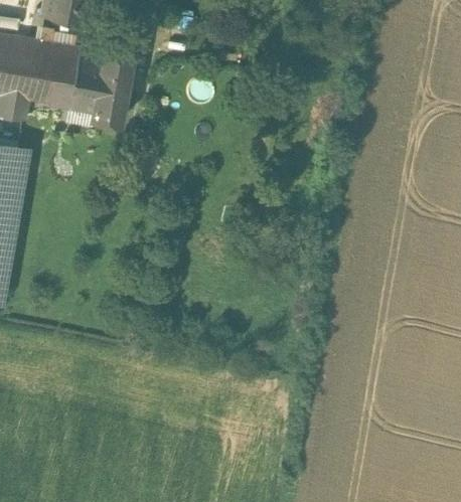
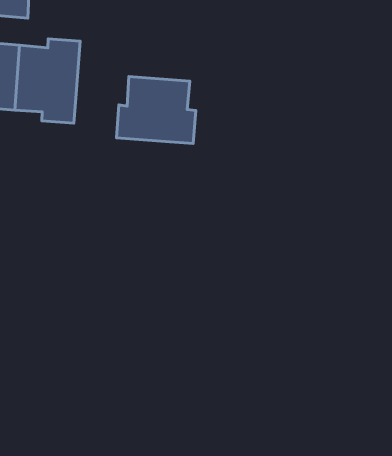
building: none -> [116,76,196,143]

